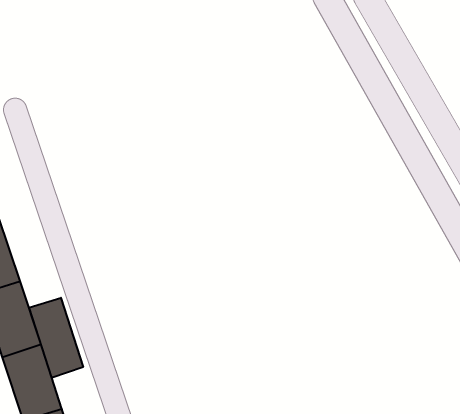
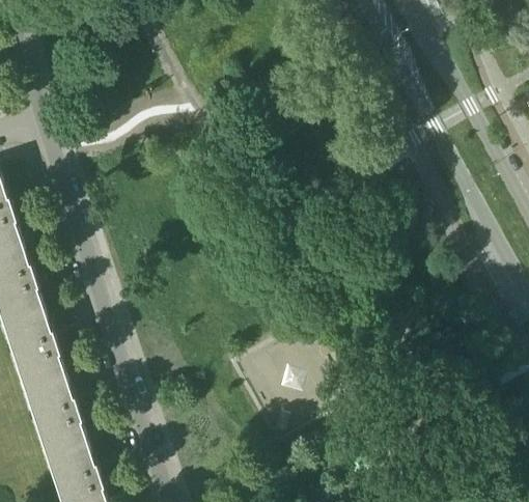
building: [29,298,83,378] -> none

